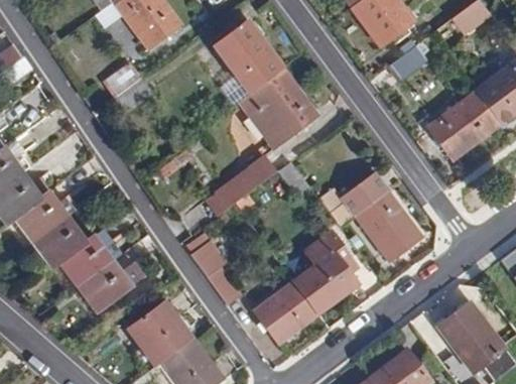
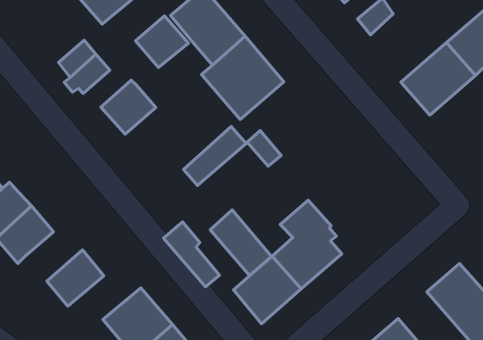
building: none -> [136,16,189,68]
building: none -> [101,80,156,134]
building: [329,175,422,261] -> none
building: none -> [210,210,272,276]
building: [58,235,114,287] -> none

